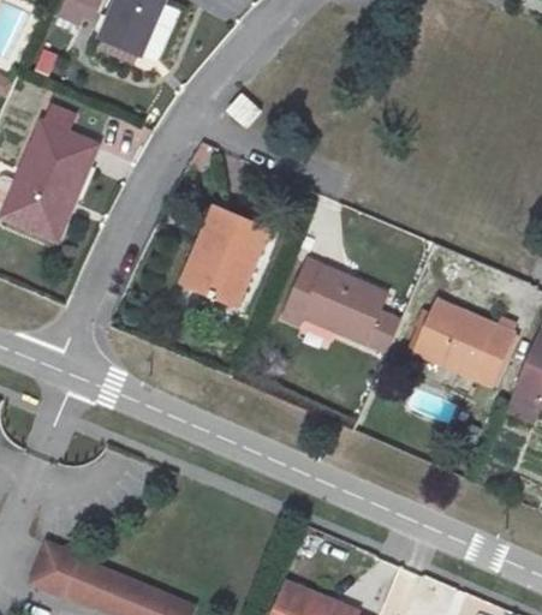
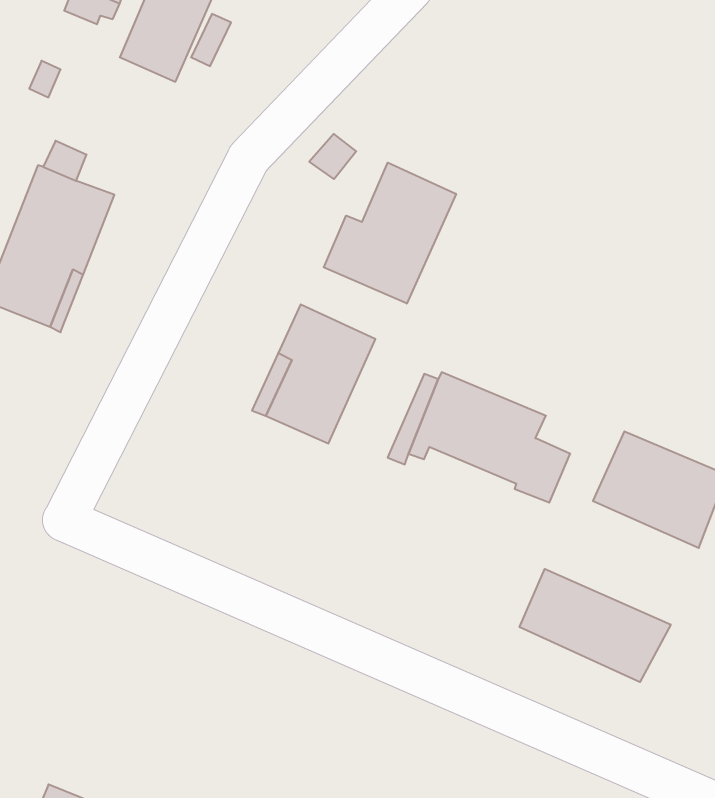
building: none -> [324,163,456,304]
building: none -> [520,569,671,682]

